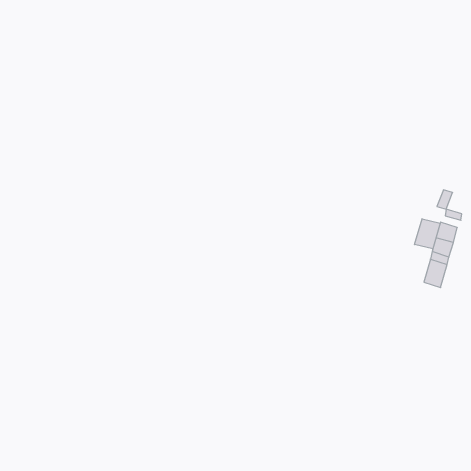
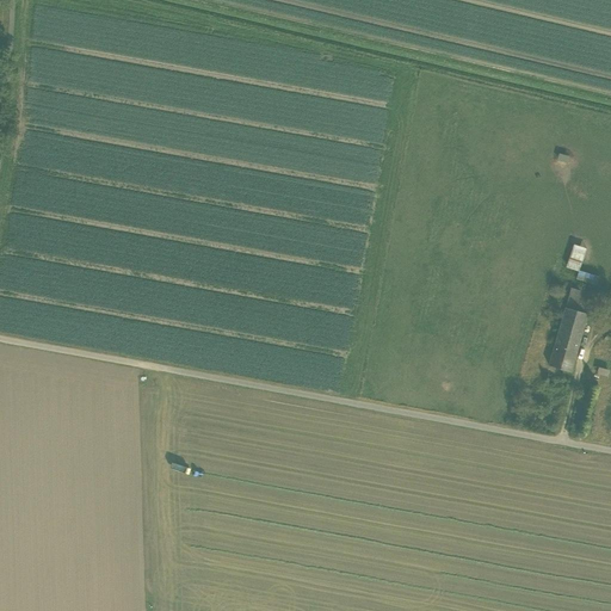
building: [415,219,440,249] -> none

